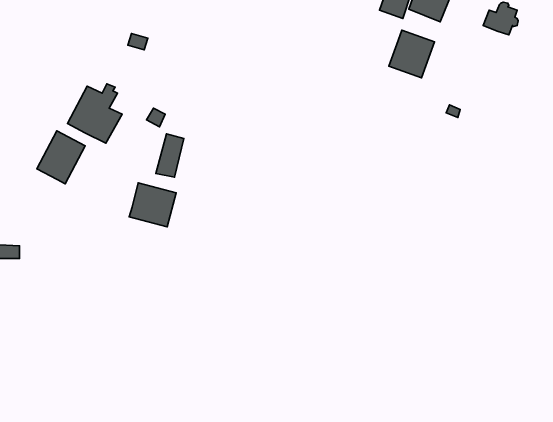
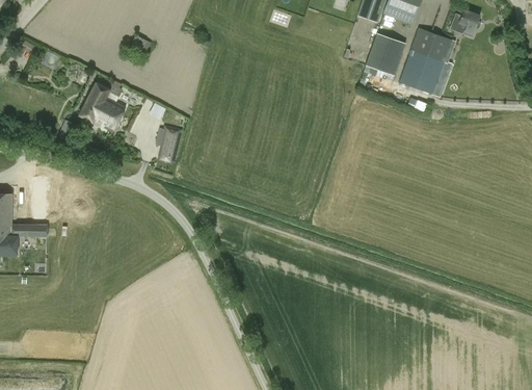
building: none -> [398,26,453,95]
building: [37,131,85,184] -> none
building: [129,183,176,227] -> none

